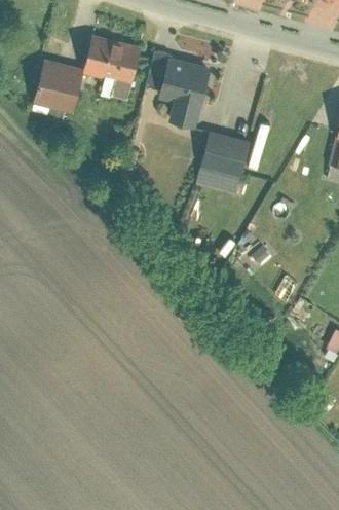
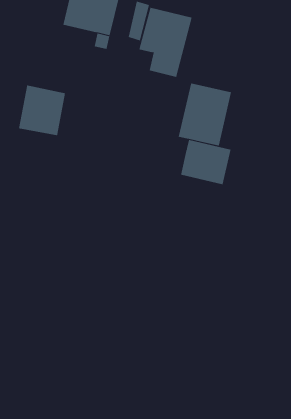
building: [35,61,82,111] -> [18,85,66,136]
building: none -> [180,139,231,185]

